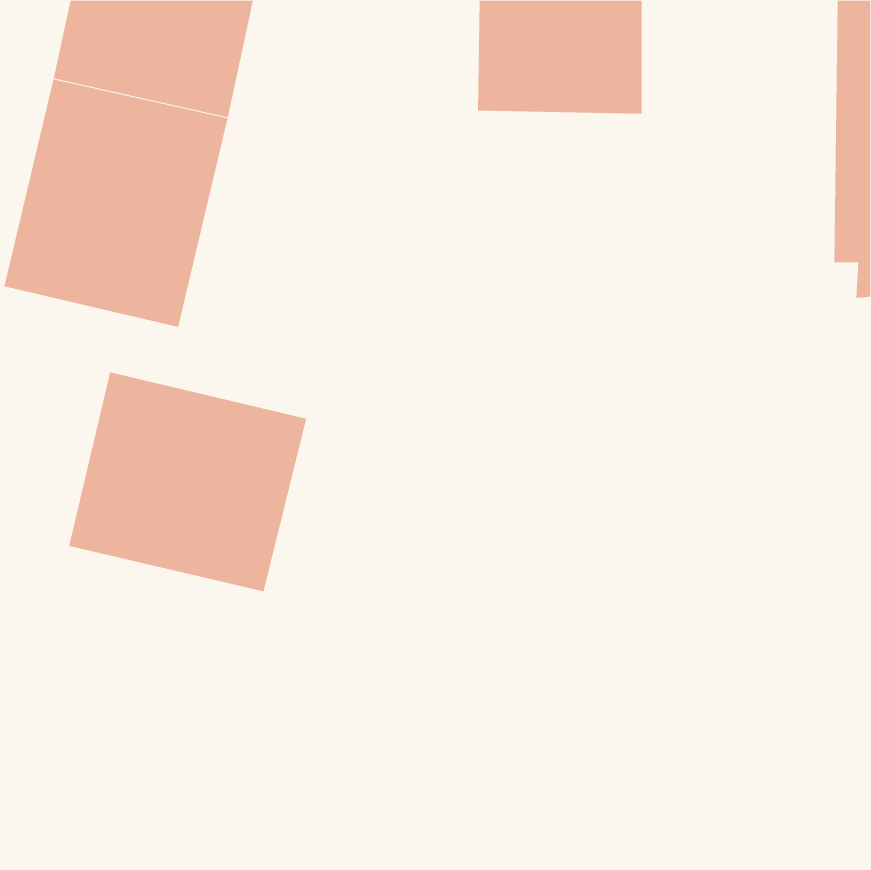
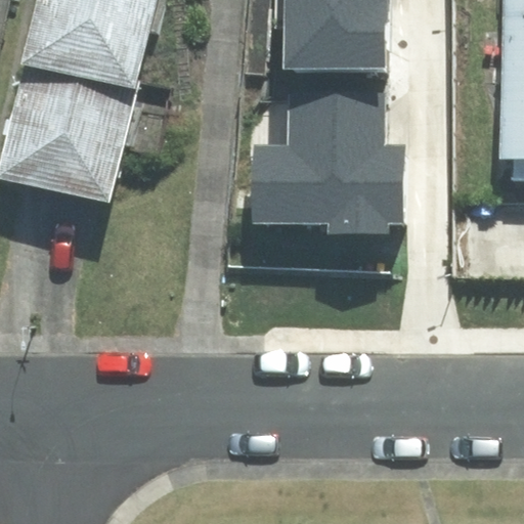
building: none -> [255,91,402,233]
building: [68,372,307,592] -> none

